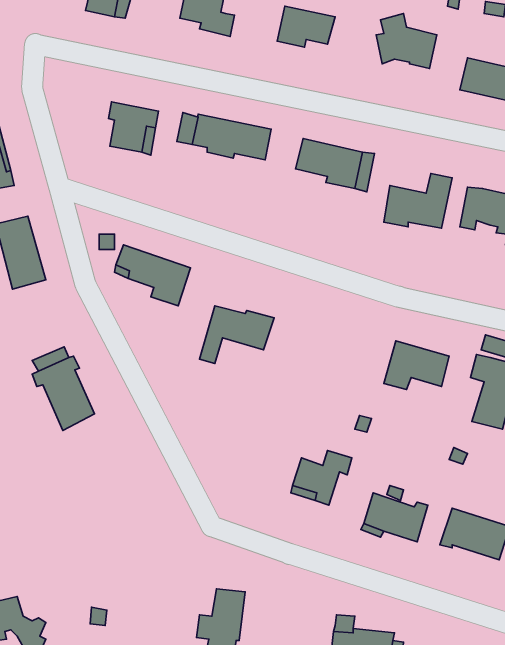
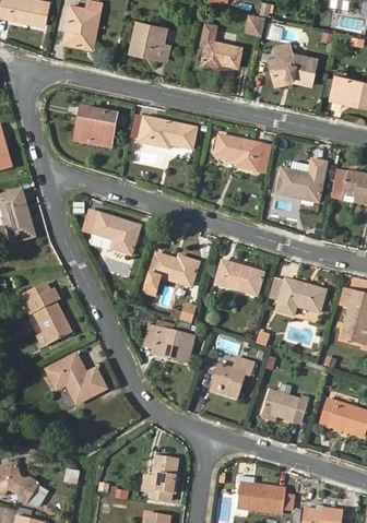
building: none -> [216,262,262,295]
building: none -> [145,326,193,361]
building: none -> [47,354,106,403]

